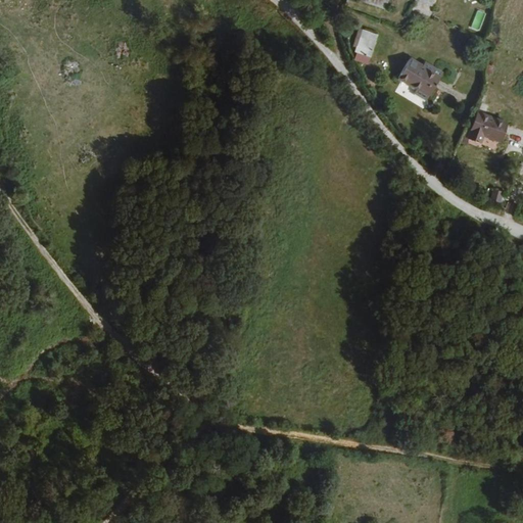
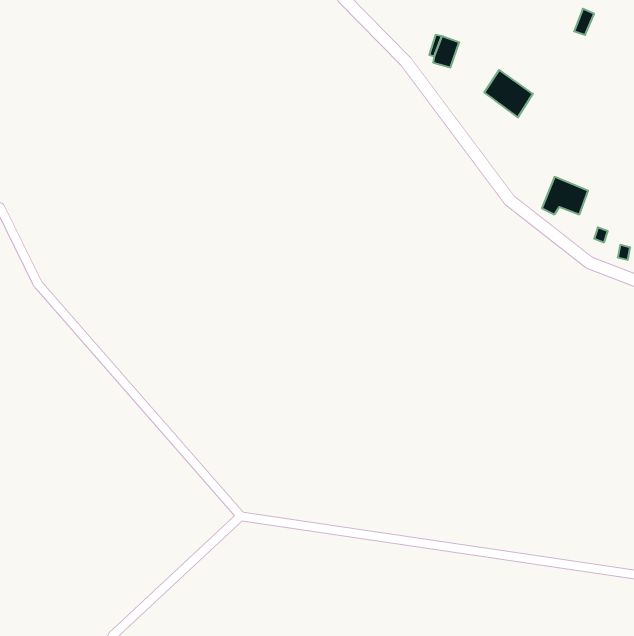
building: [465,112,503,143] -> [542,177,588,214]

